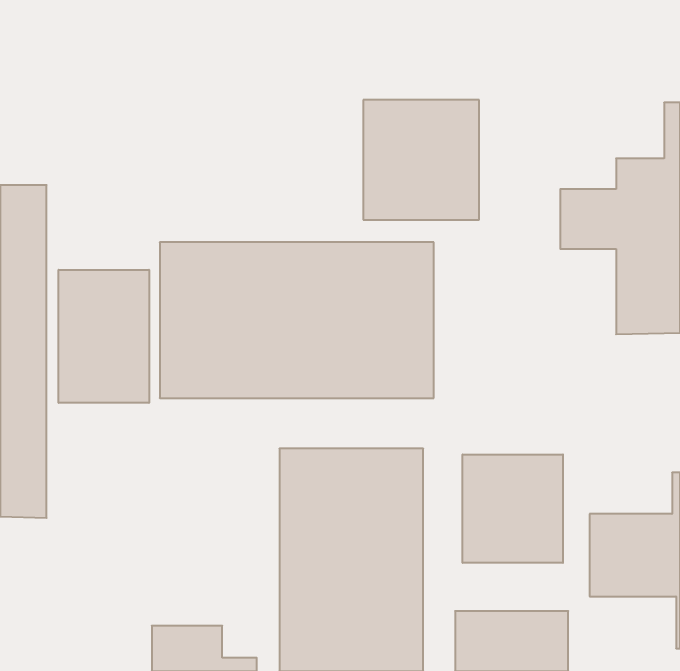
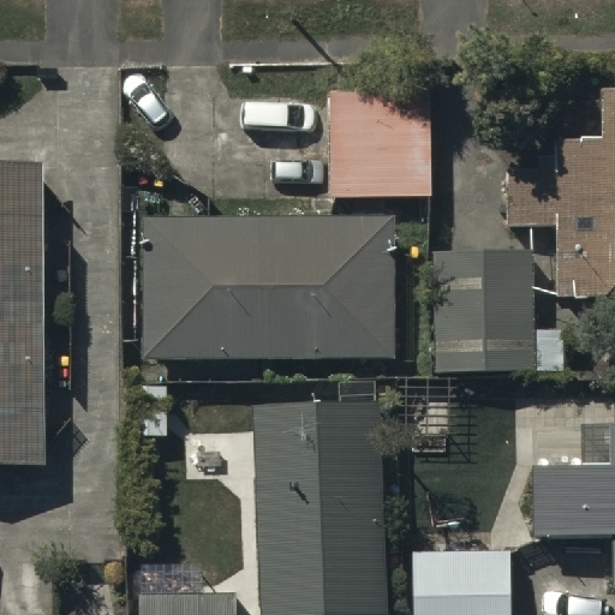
building: [59,270,149,403] -> none
building: none -> [434,250,562,370]
building: [463,454,563,563] -> none

